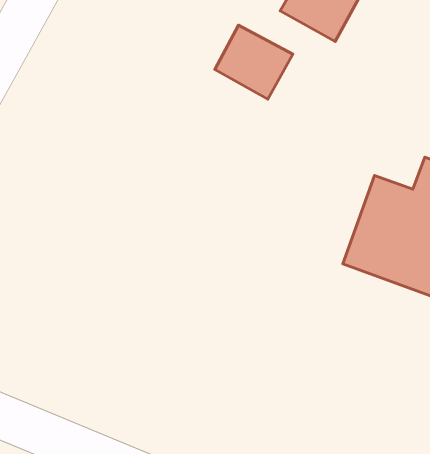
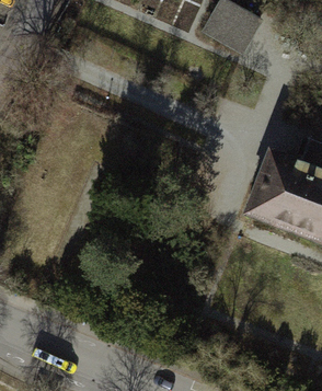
building: [215,25,293,99] -> none

